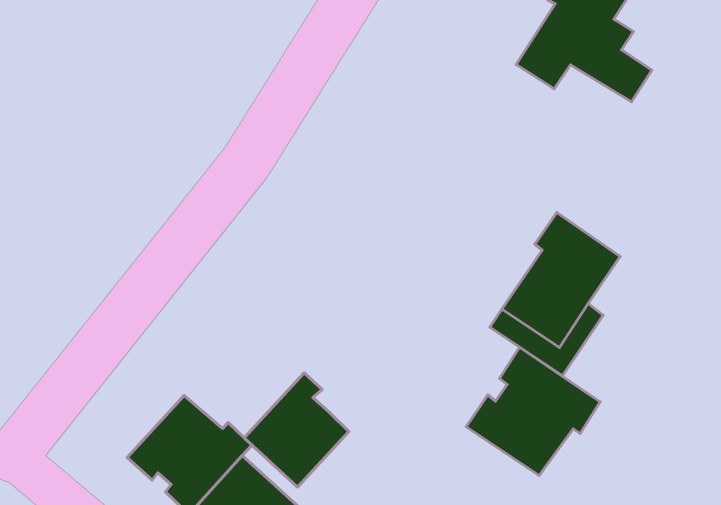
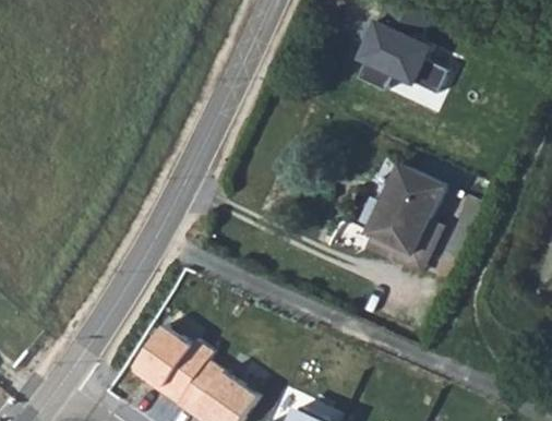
building: [466,347,600,476] -> none
building: [244,373,349,487] -> none

